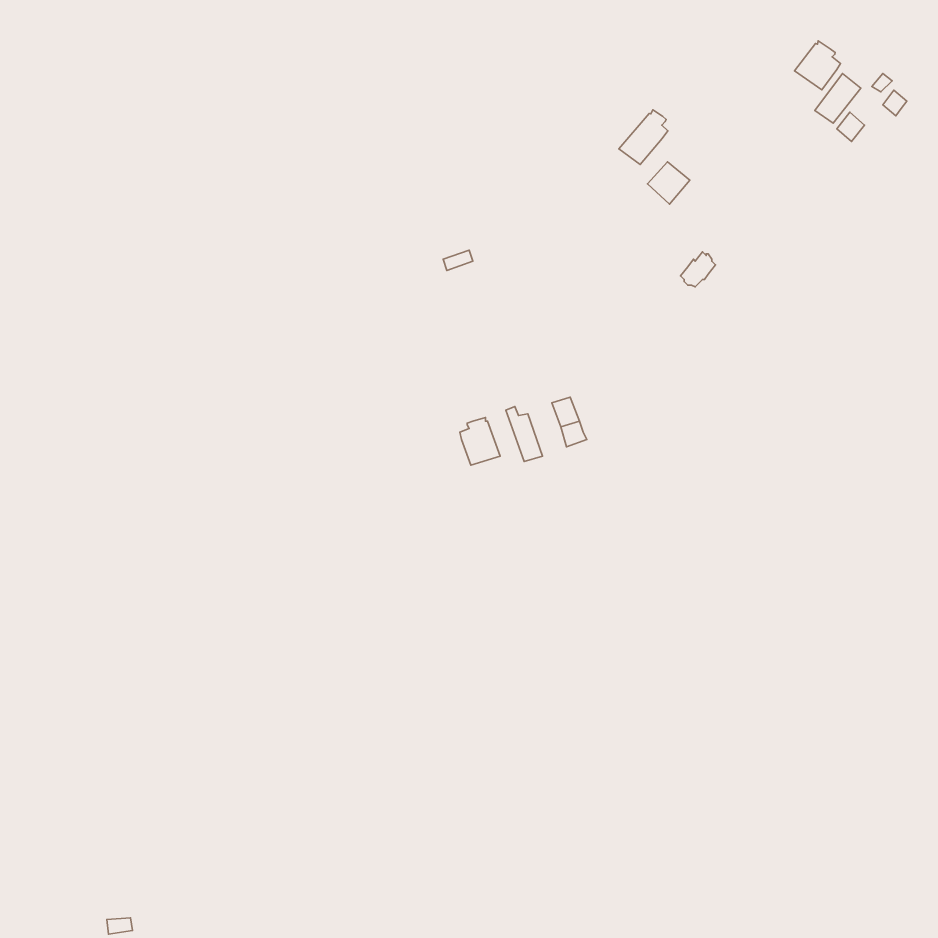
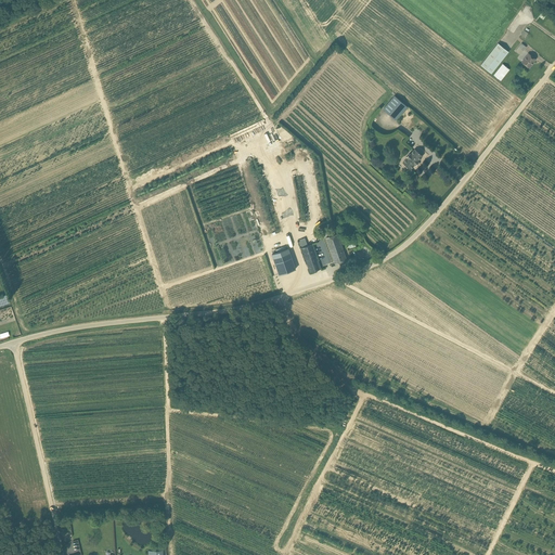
building: [795,41,840,90] -> none
building: [619,110,668,165] -> none

